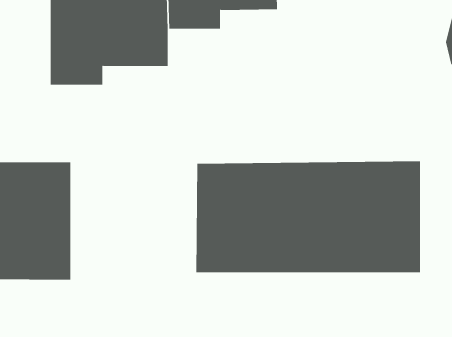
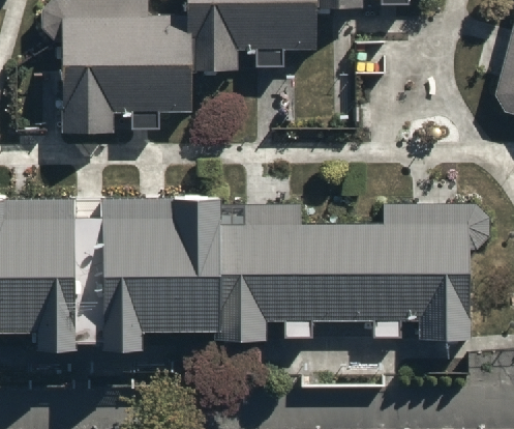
building: none -> [101,206,216,336]

